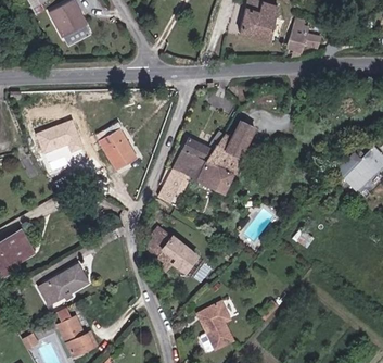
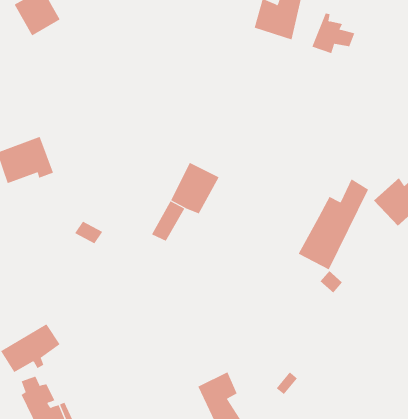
building: [196,120,253,192] -> [298,178,369,270]
building: [100,127,136,168] -> none
building: [143,222,196,272] -> none

